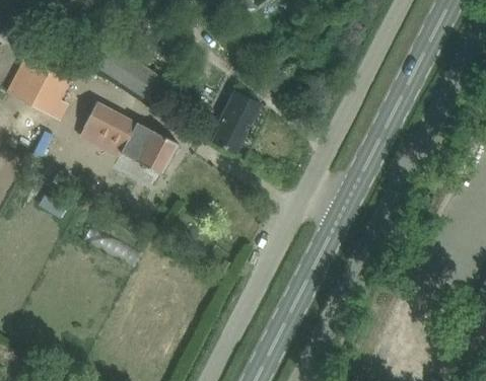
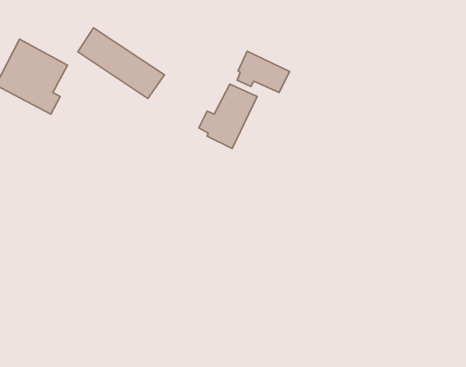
building: none -> [237,51,290,92]
building: [85,103,178,175] -> none

